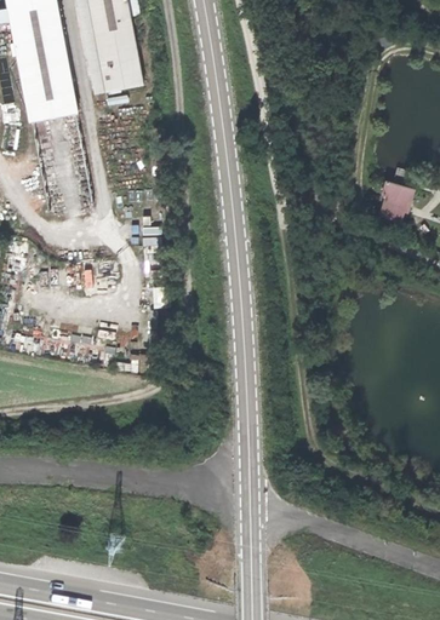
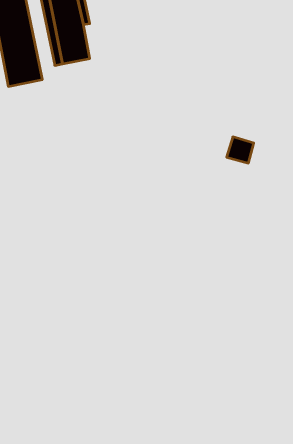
building: [377,179,415,216] -> [227,137,254,163]

